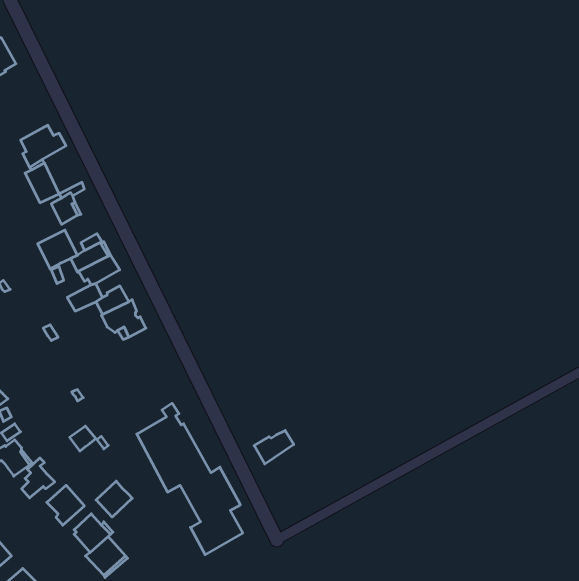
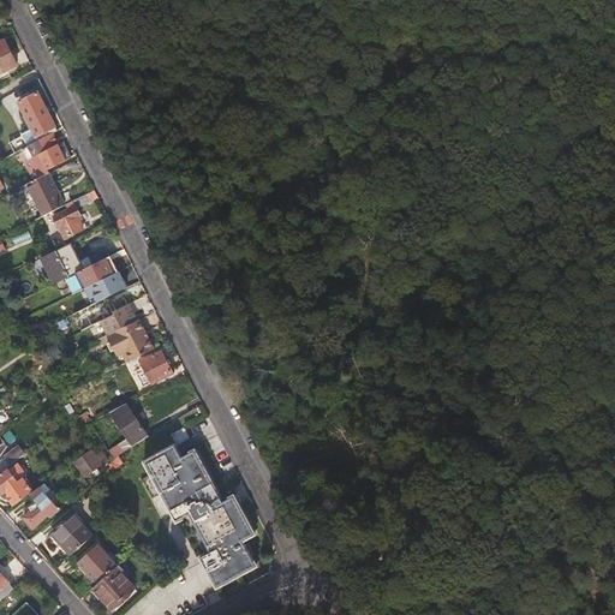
building: none -> [7,92,56,154]
building: none -> [136,351,172,386]
building: none -> [109,402,147,452]
building: [254,430,294,464] -> none
building: [96,481,132,517] -> none

